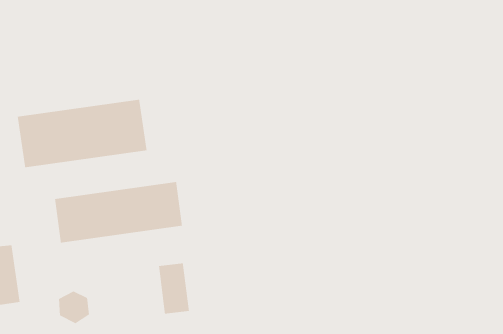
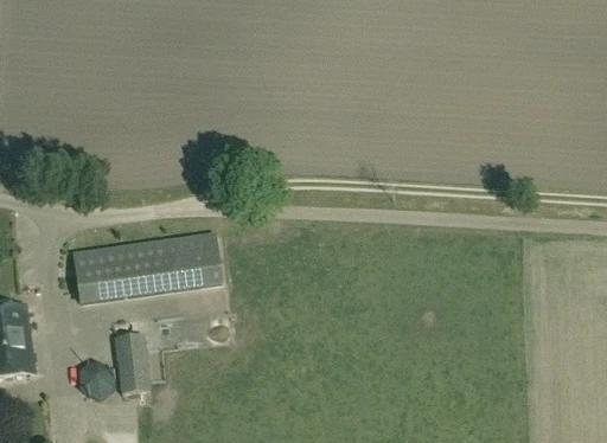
building: [17,99,147,168] -> none
building: [158,262,190,314] -> [114,332,151,392]

